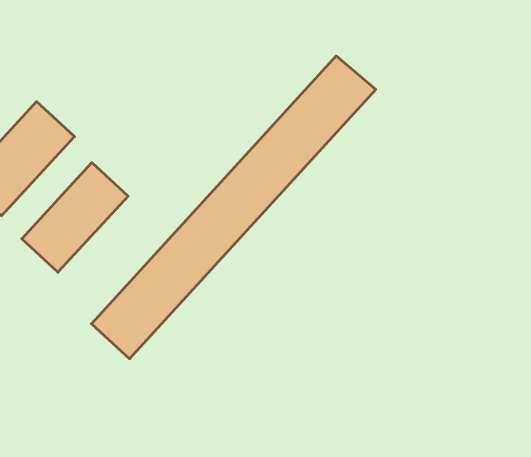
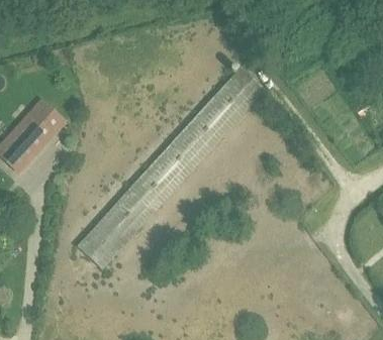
building: [22,163,128,272] -> none

